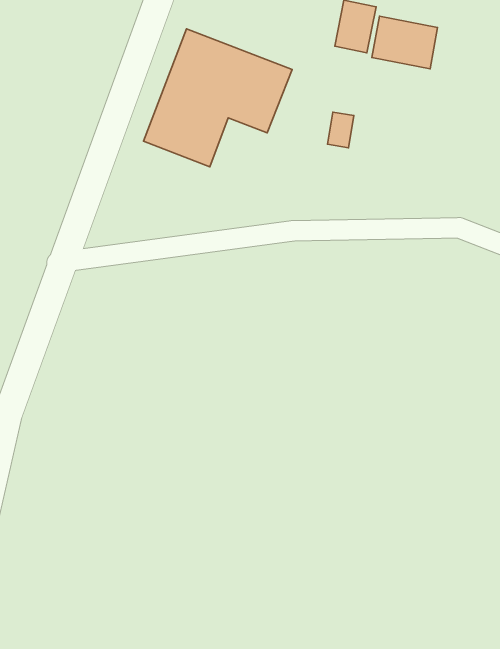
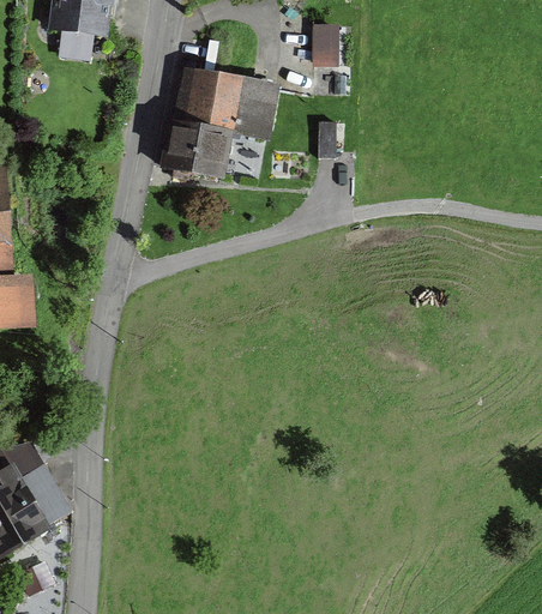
building: [372,16,438,69] -> none

